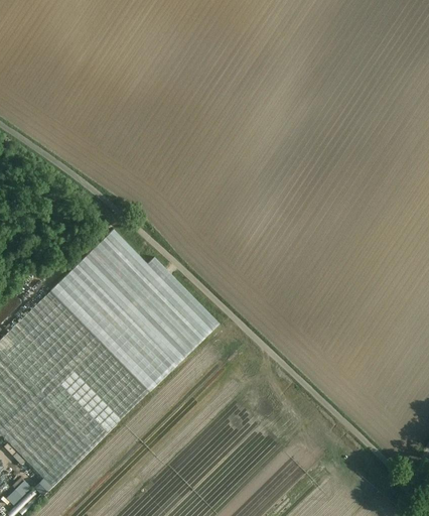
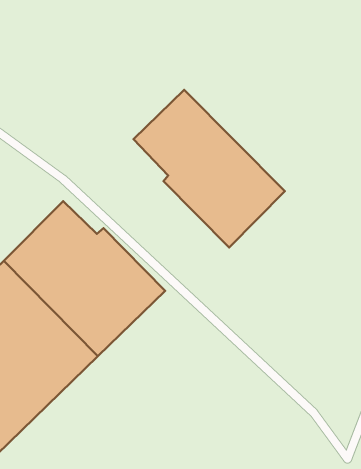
building: none -> [134,90,285,247]

